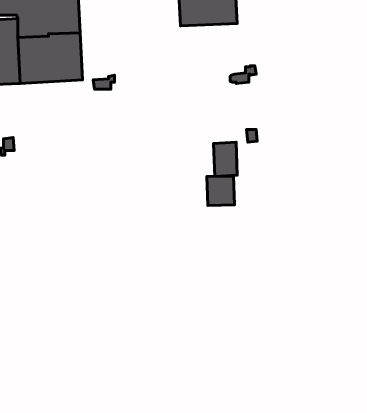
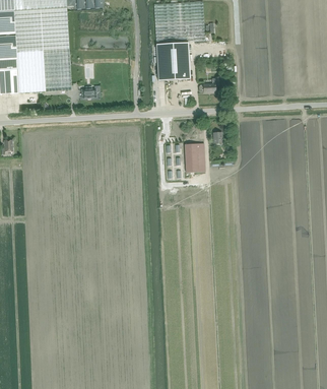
building: none -> [156,42,190,80]
building: [207,176,234,206] -> none

